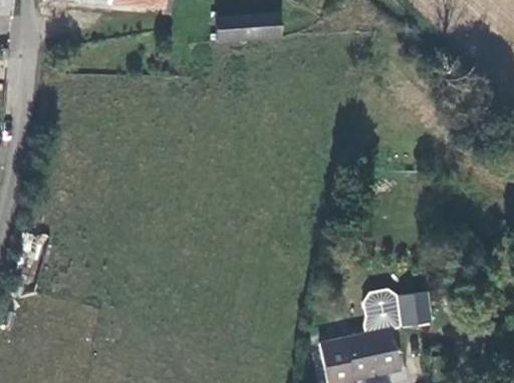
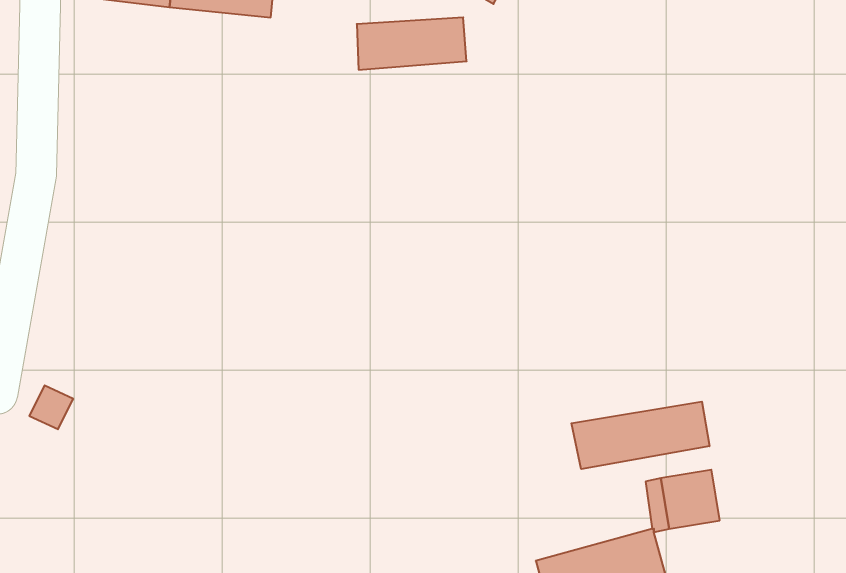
building: none -> [571,402,709,469]

